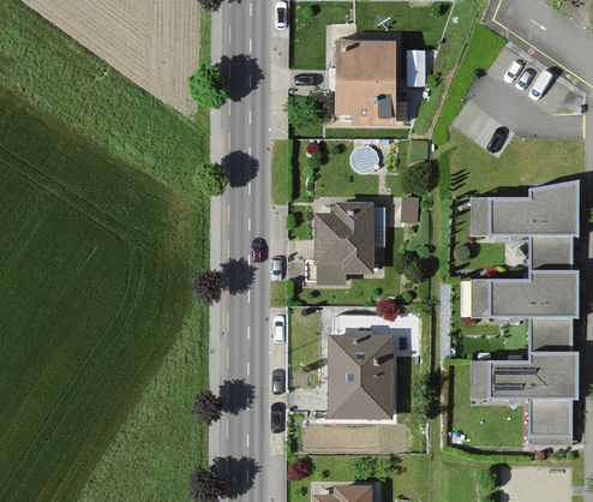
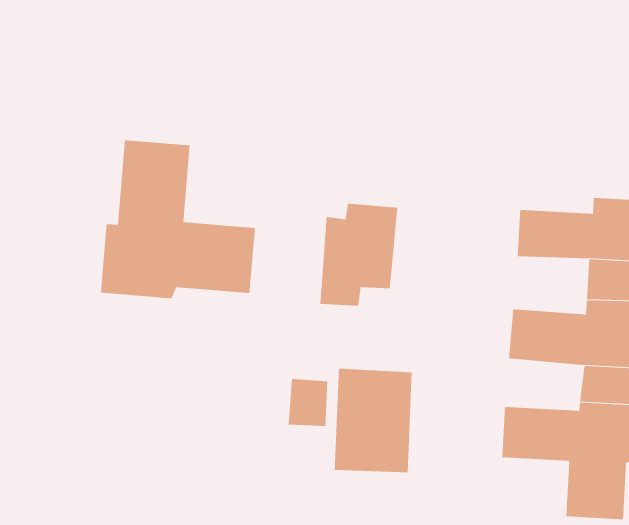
building: [337,41,400,127] -> none
building: none -> [100,139,255,299]
building: none -> [288,378,328,427]

